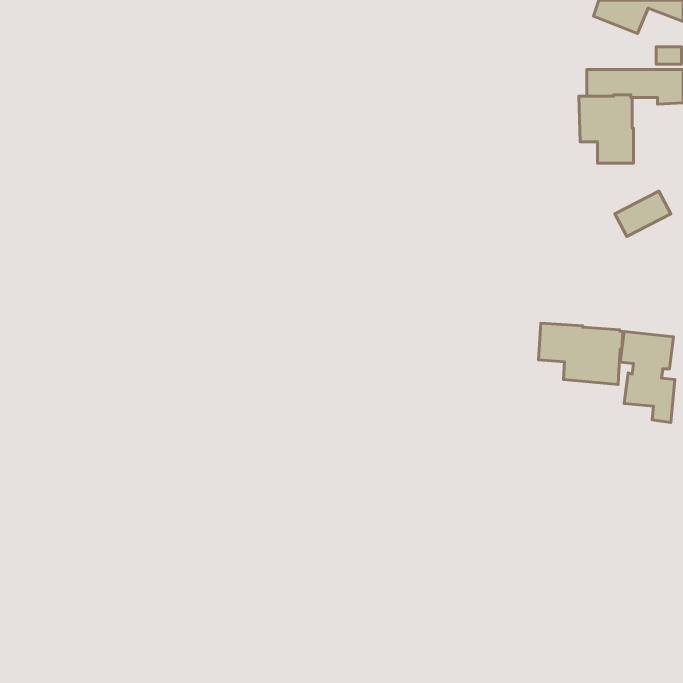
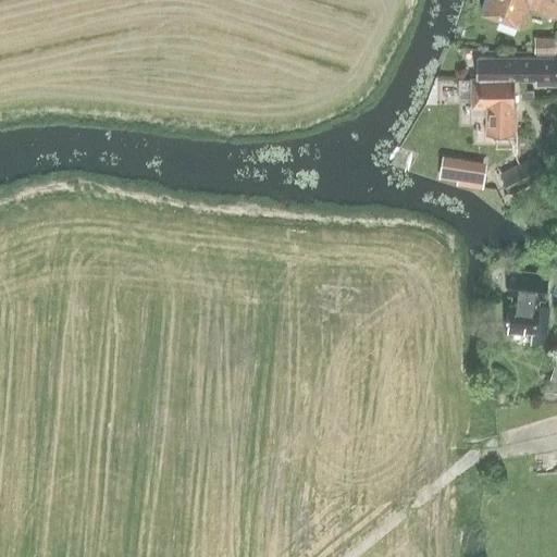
building: none -> [441,162,485,187]
building: [539,323,623,385] -> none

